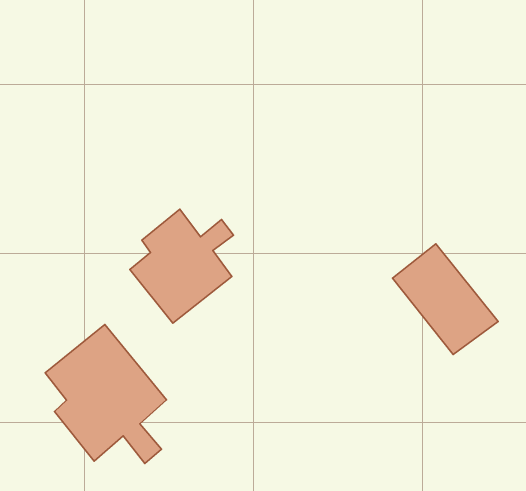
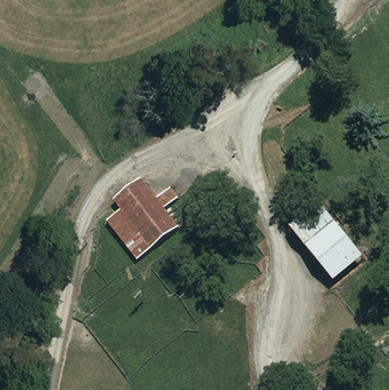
building: [45,324,166,463] -> none

